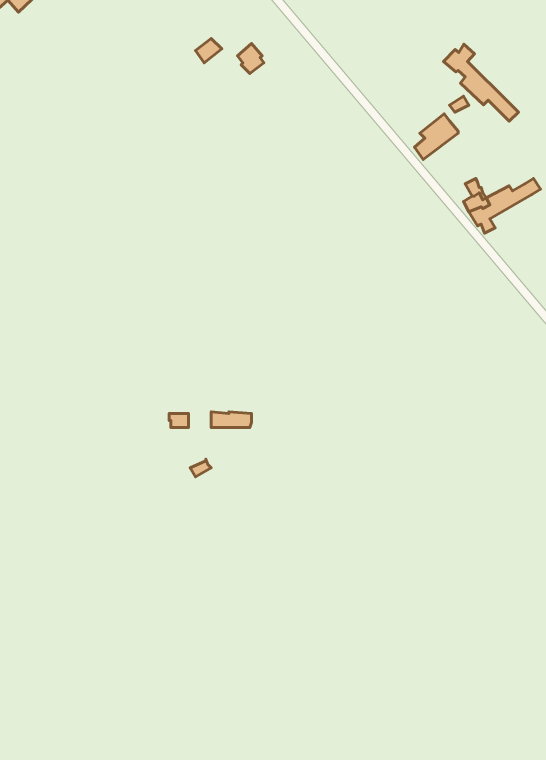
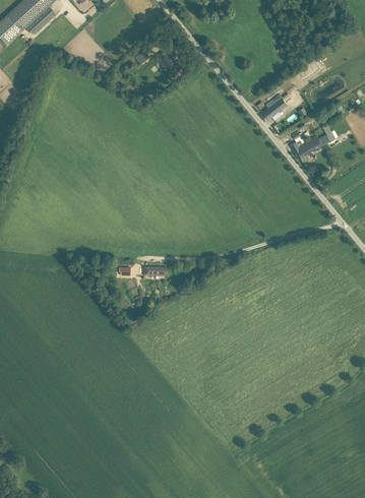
building: [443,44,518,121] -> none

